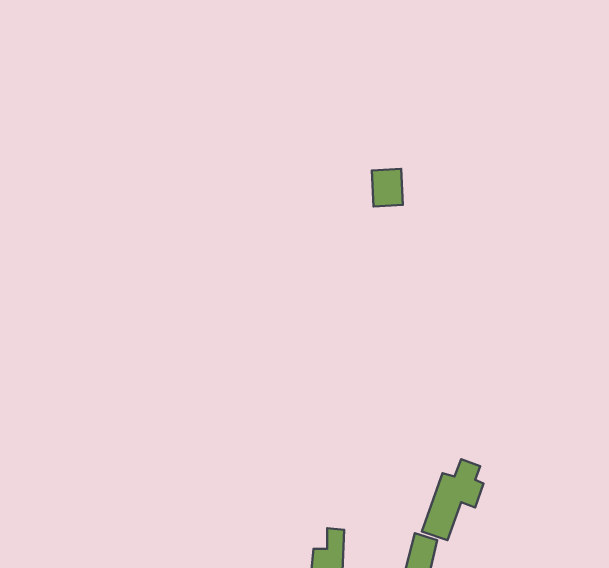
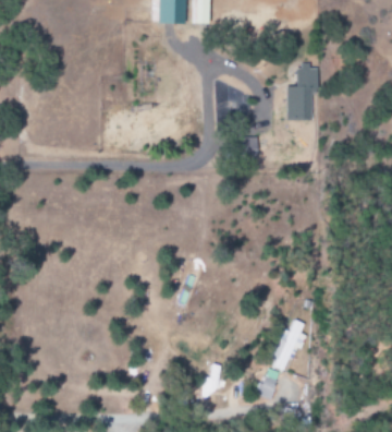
building: none -> [286,65,318,120]

